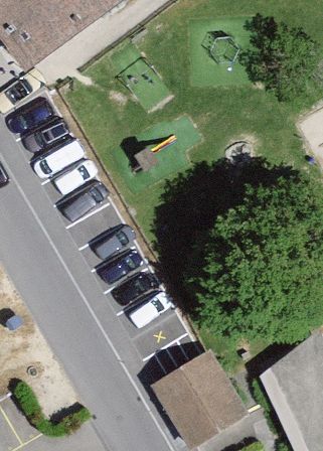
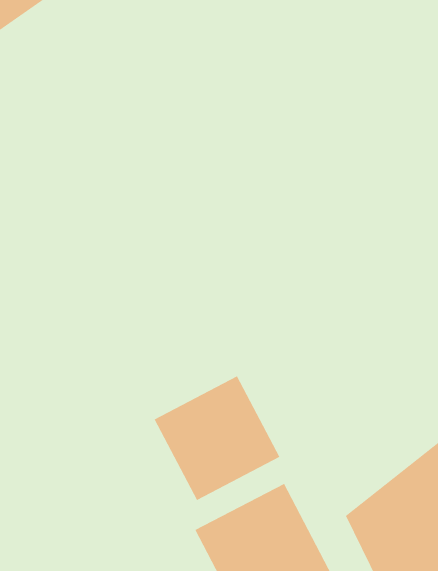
building: none -> [154,376,280,501]

